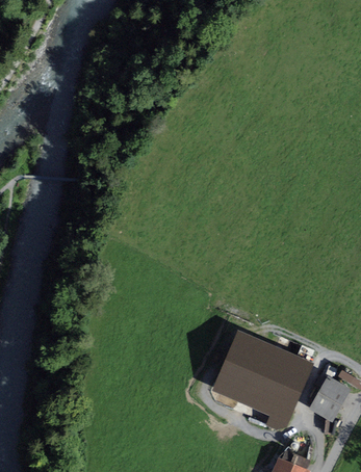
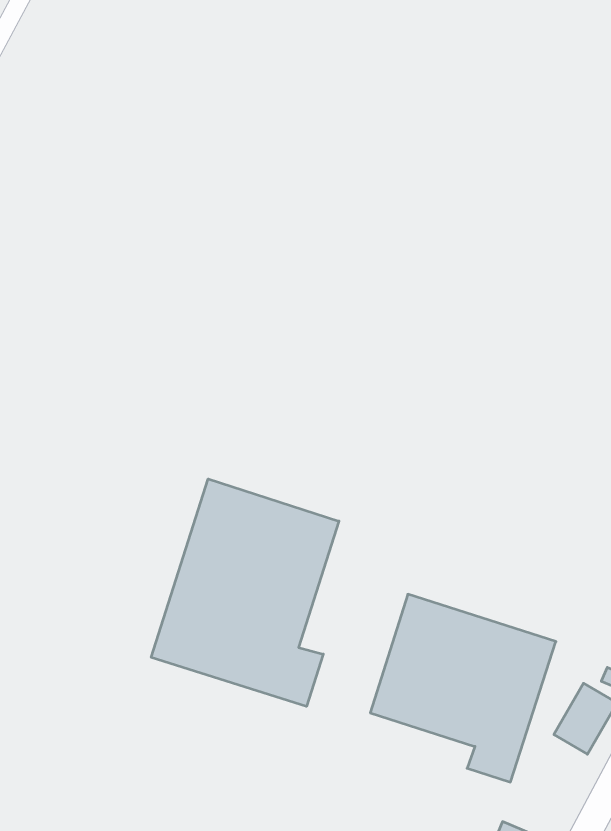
building: none -> [151,479,339,706]

